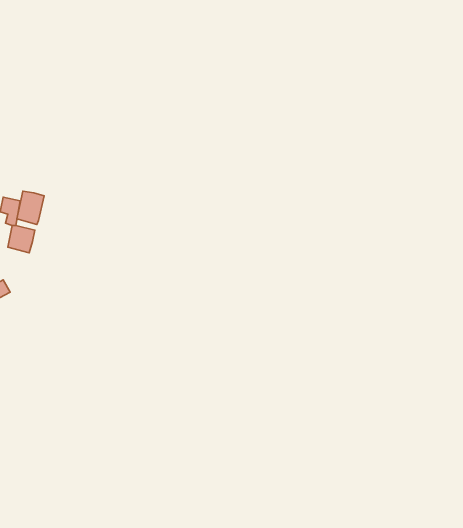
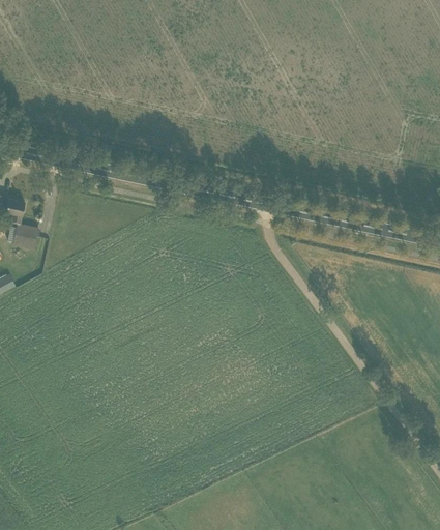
building: [17,191,44,224] -> none

